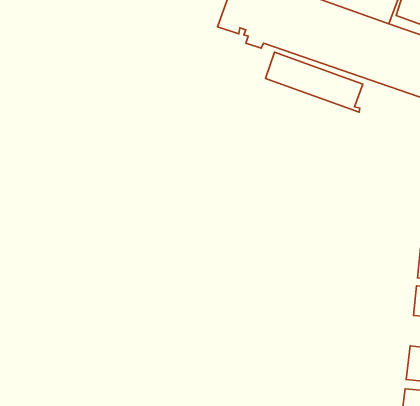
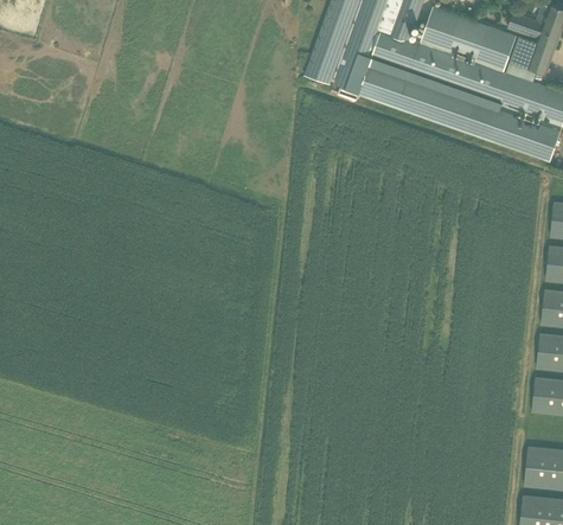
building: [265,52,363,112] -> none

